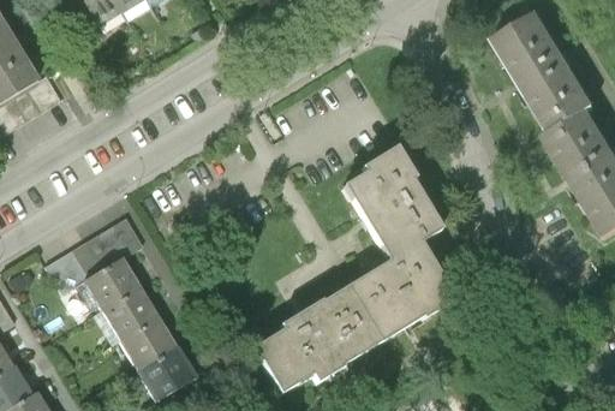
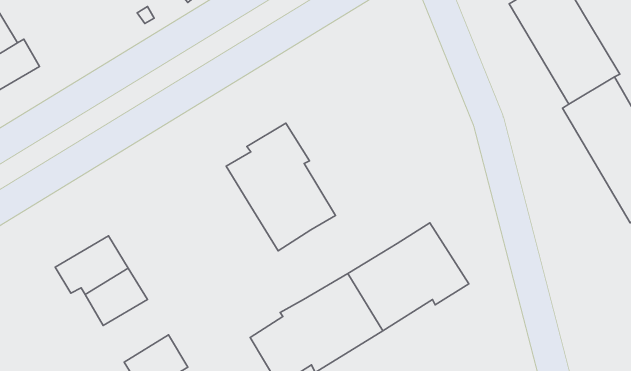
building: [341,144,442,262] -> [226,123,335,251]
building: [43,215,141,292] -> none
building: [118,314,178,371] -> none

